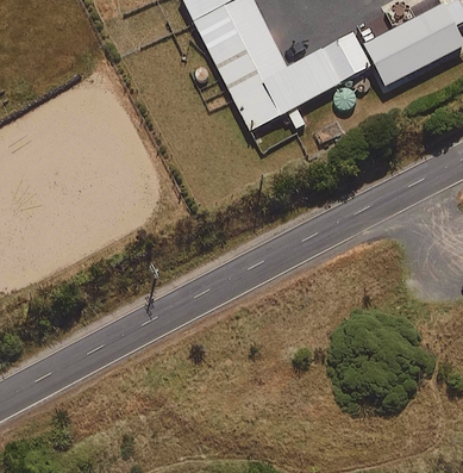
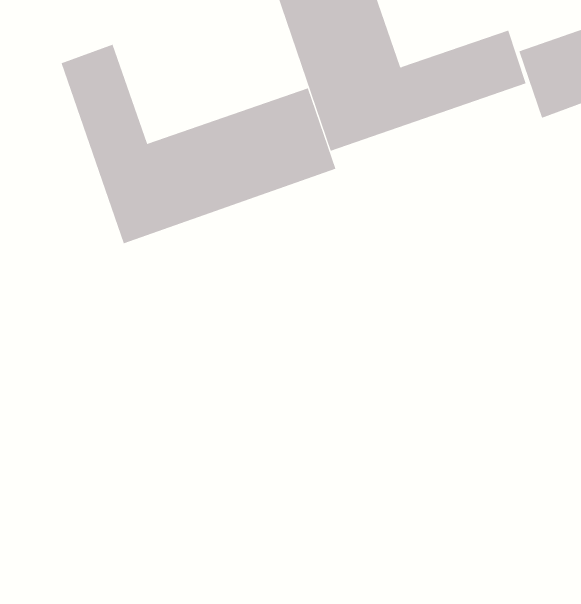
building: none -> [61,44,336,244]

